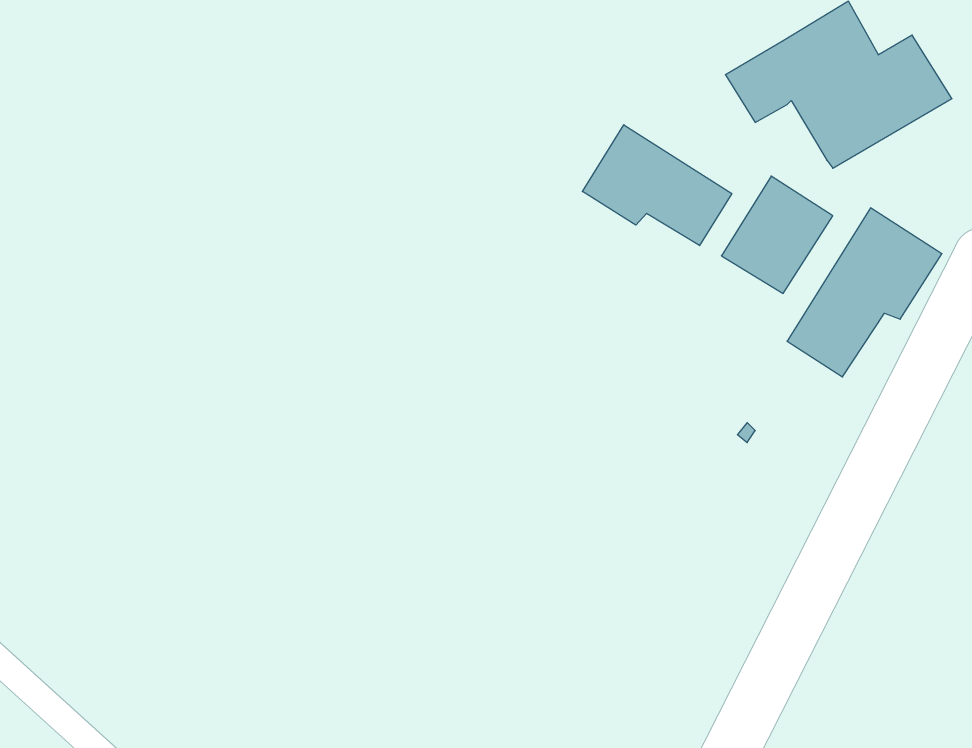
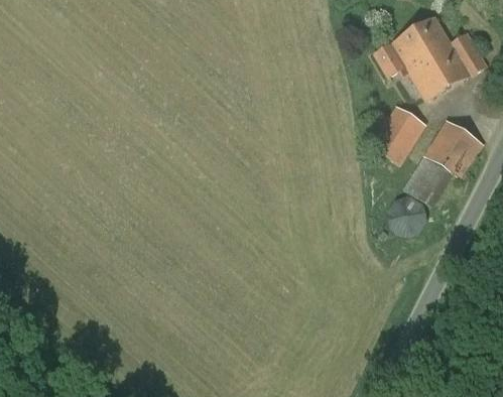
building: [582,125,732,246] -> none
building: none -> [386,194,427,235]

